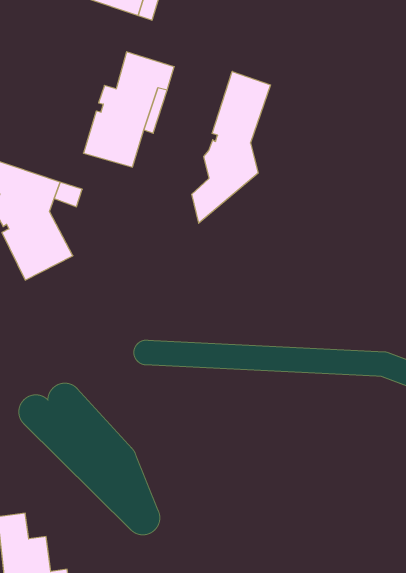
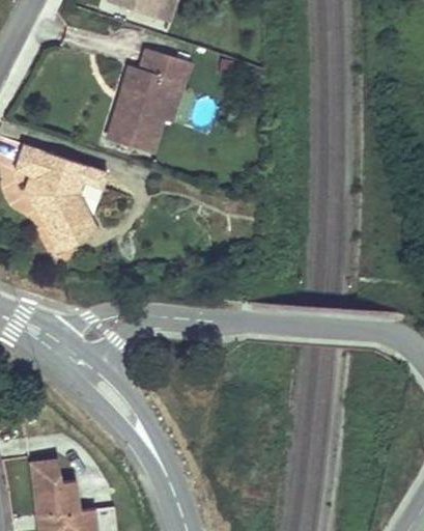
building: [192,71,271,223] -> none

